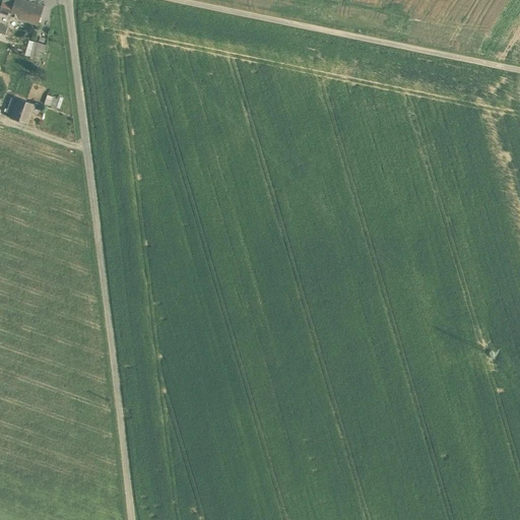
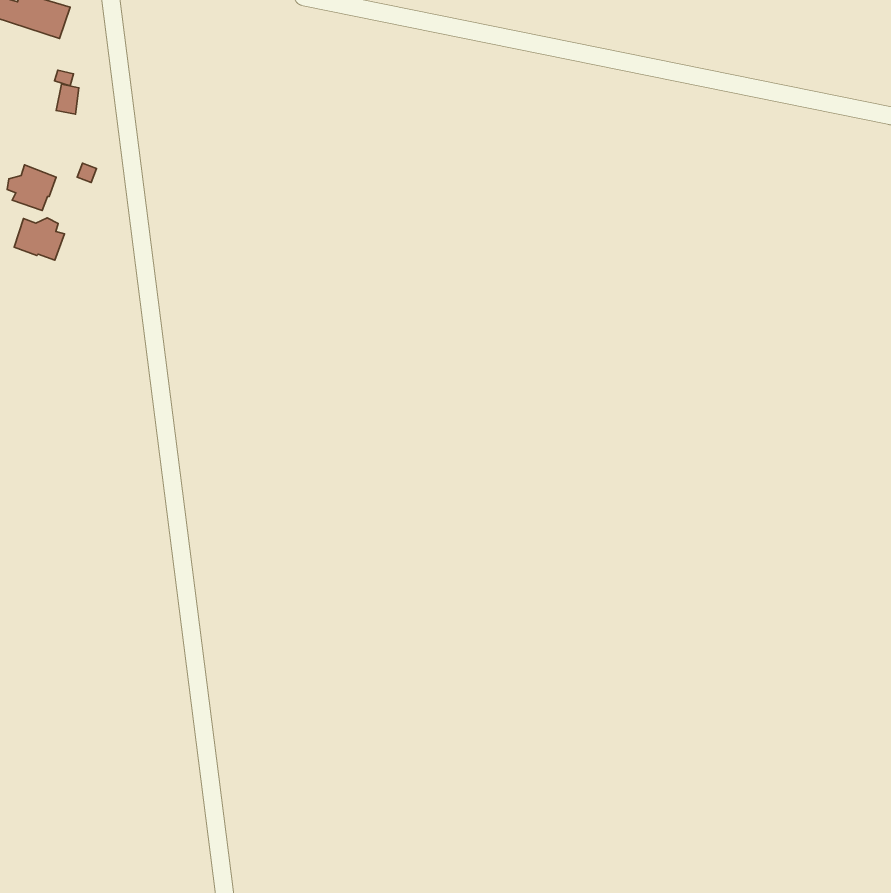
building: none -> [14,218,65,260]

